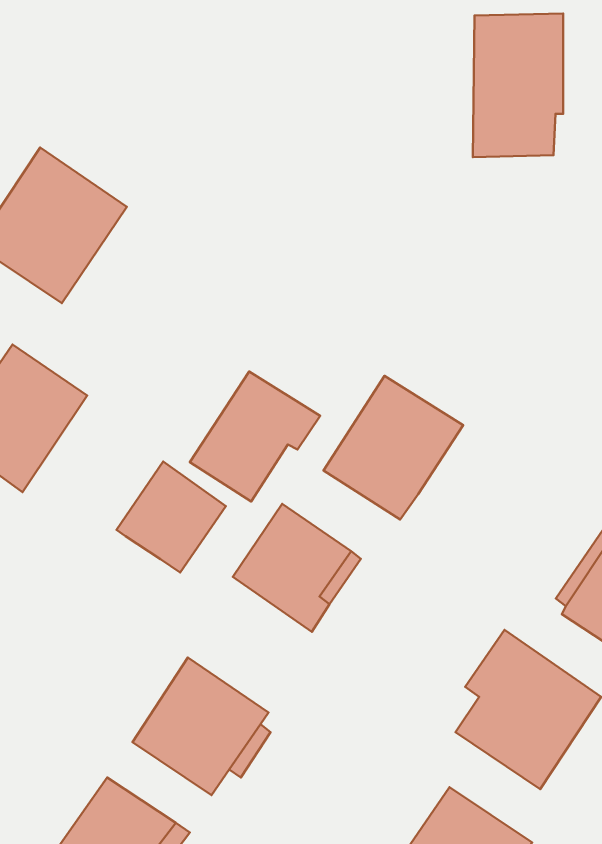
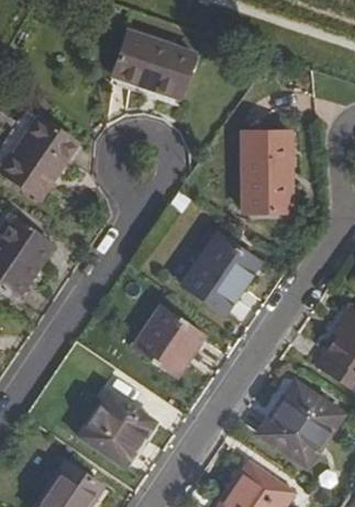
building: none -> [114,30,198,97]
building: [473,14,563,157] -> [242,131,292,211]
building: [190,371,320,502] -> none
building: [117,461,226,572] -> none

